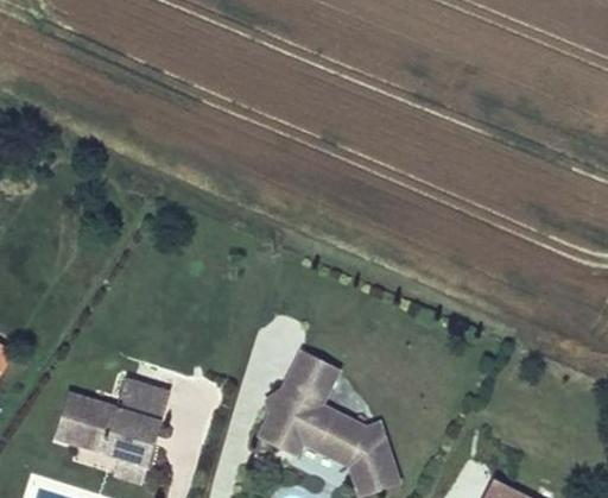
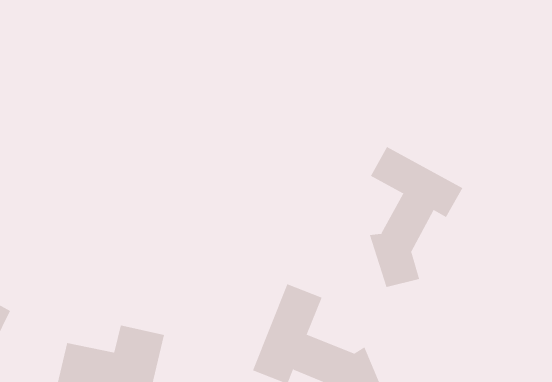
building: none -> [369,146,463,288]

